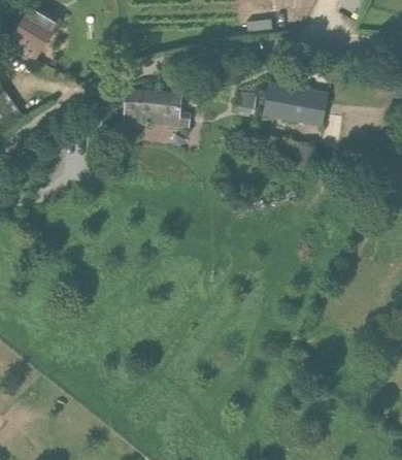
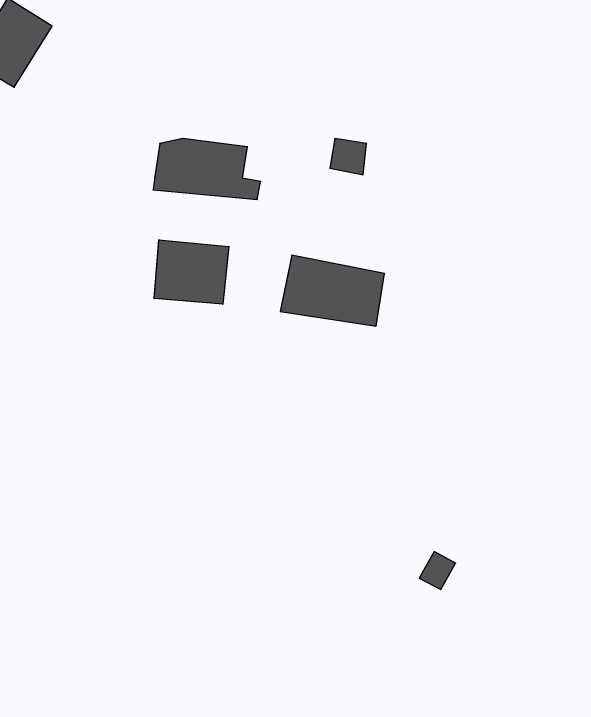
building: [262,80,327,125] -> [280,255,384,326]
building: none -> [154,240,229,304]

